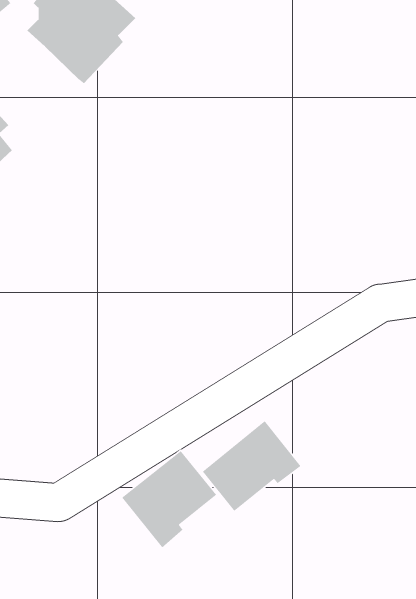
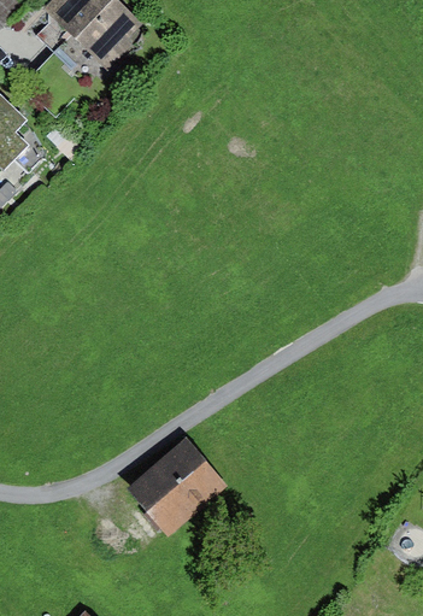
building: [202,420,302,512] -> none

